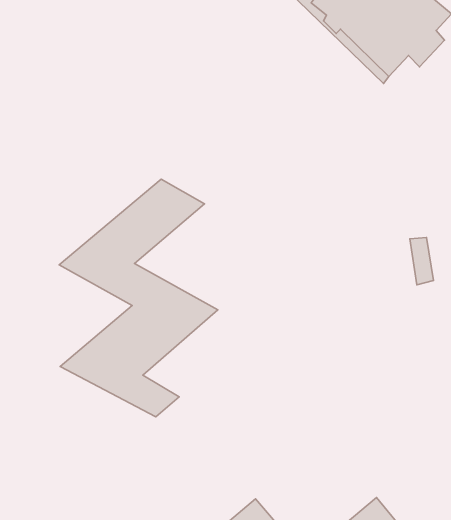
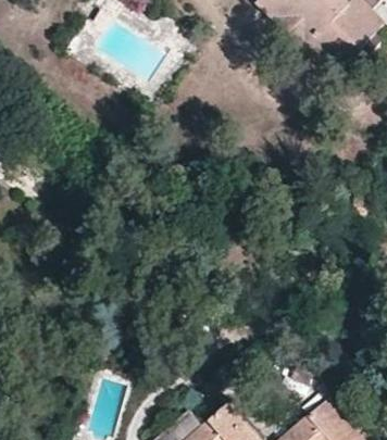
building: [59,179,218,417] -> none

